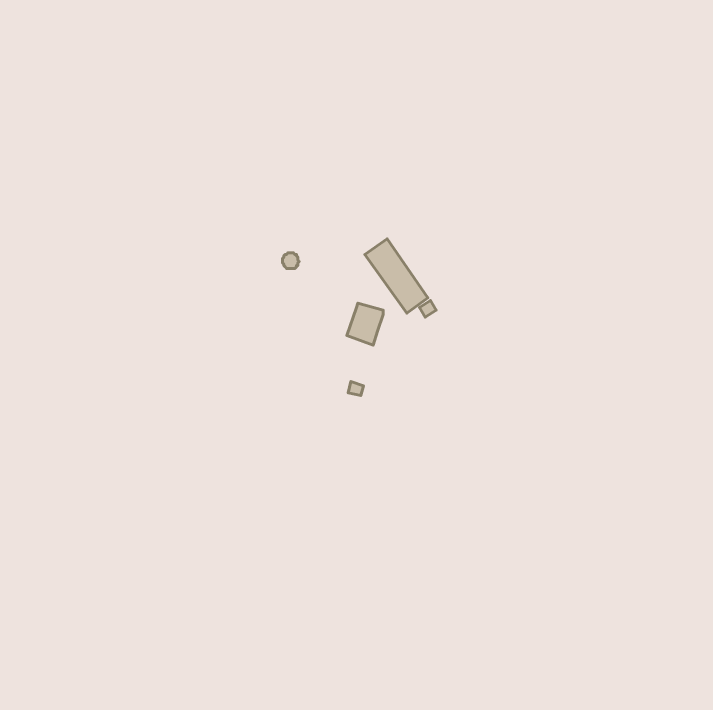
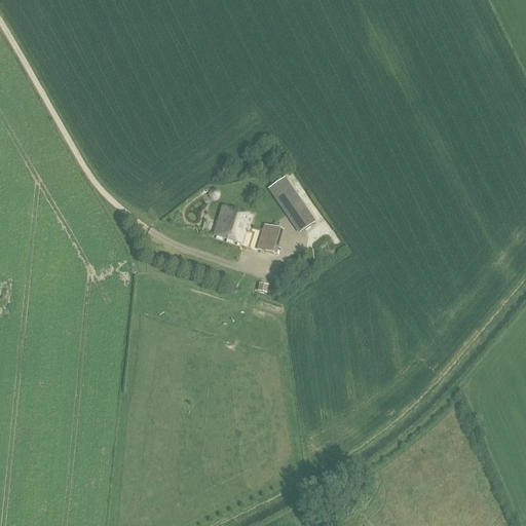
building: none -> [213,202,251,241]

